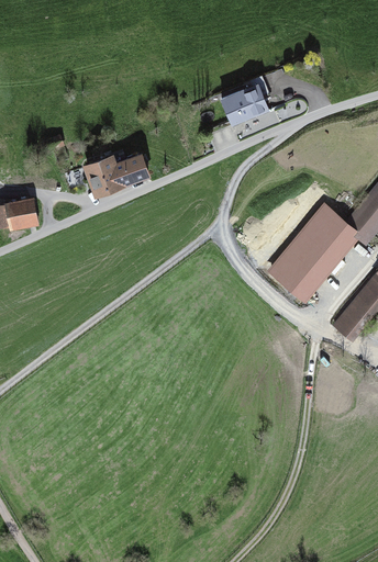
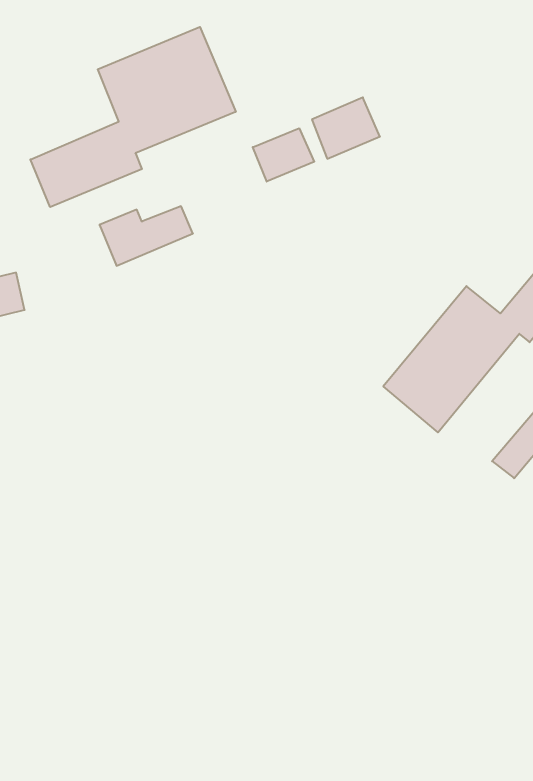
building: none -> [30,27,236,207]
building: none -> [253,128,314,182]

